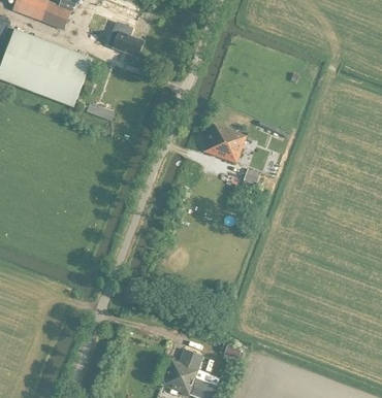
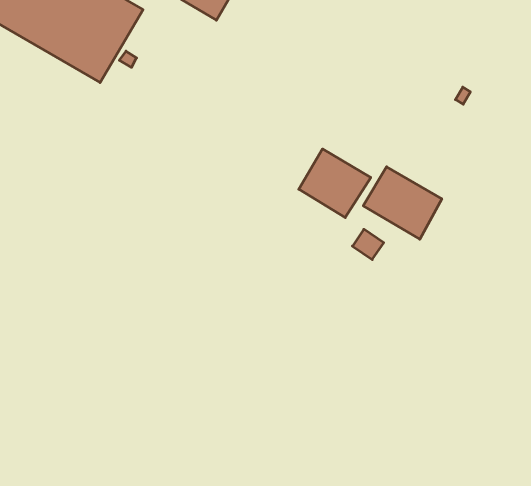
building: none -> [363,167,442,239]

